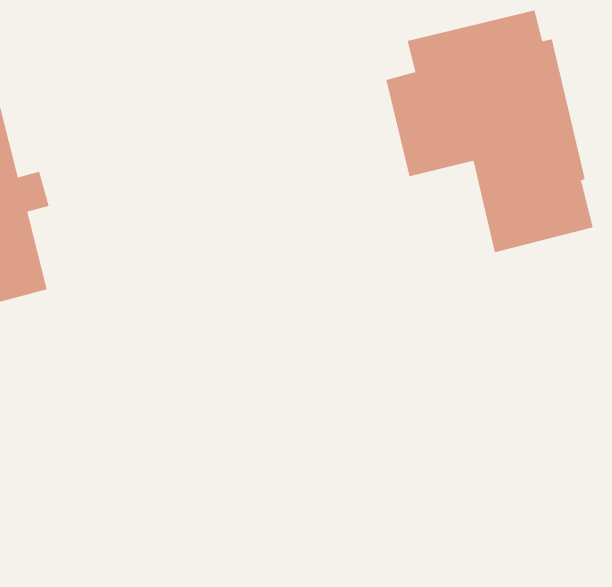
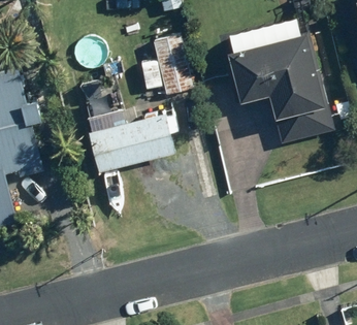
building: none -> [150,35,190,97]
building: none -> [86,109,174,172]

